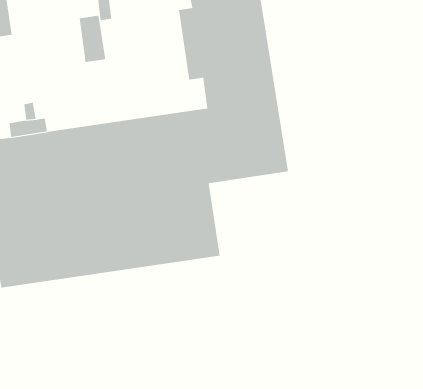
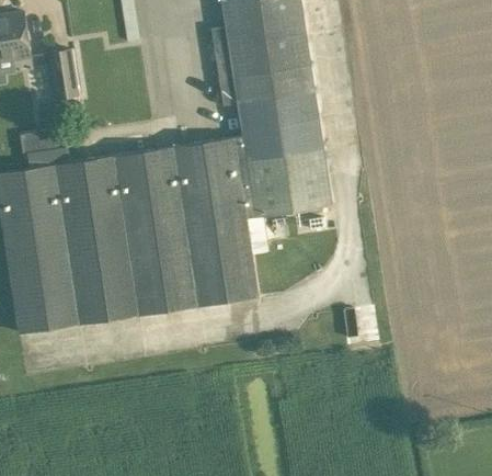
building: [79,15,106,62] -> [49,49,79,101]

